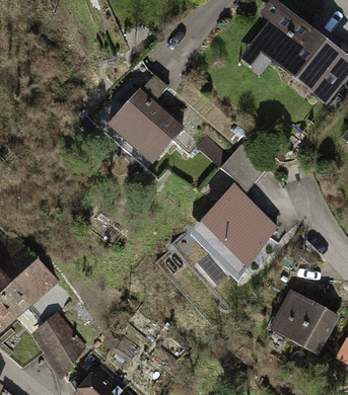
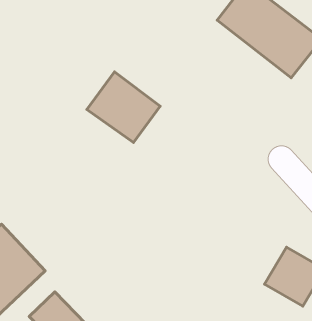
building: [183,183,268,283] -> none

